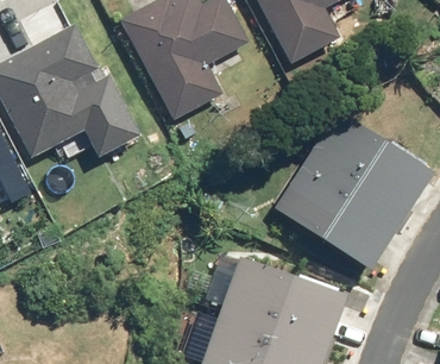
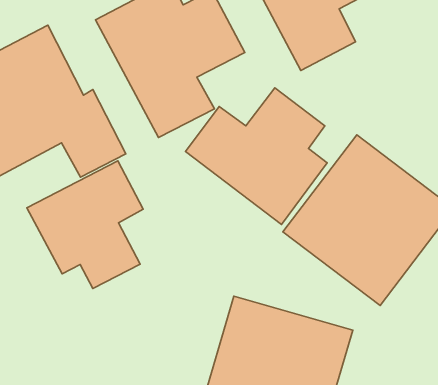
building: none -> [185,88,327,225]
building: none -> [27,161,143,288]

